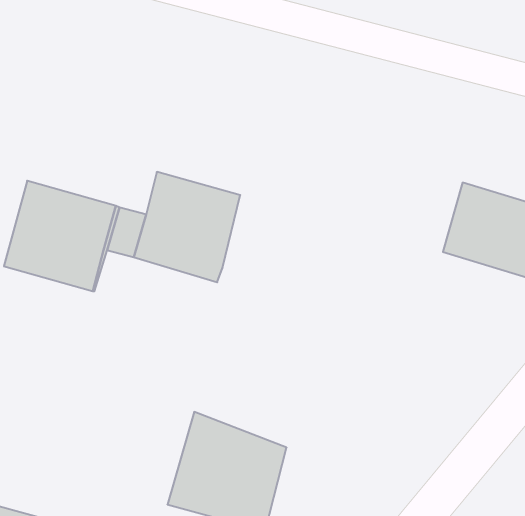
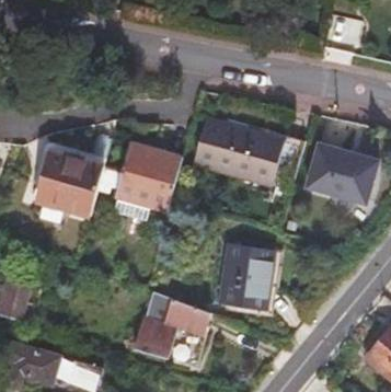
building: none -> [196,116,306,191]
building: none -> [221,243,273,308]

